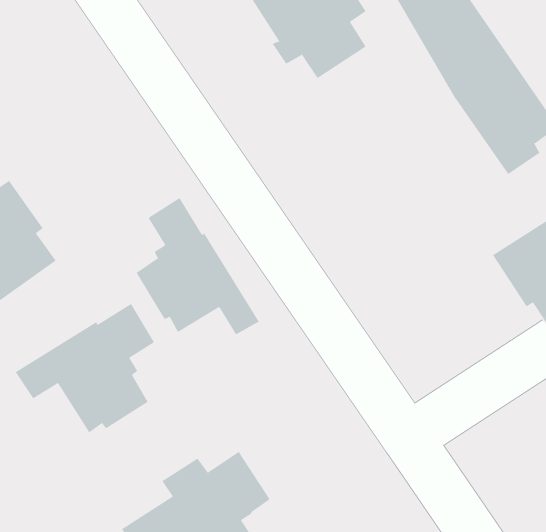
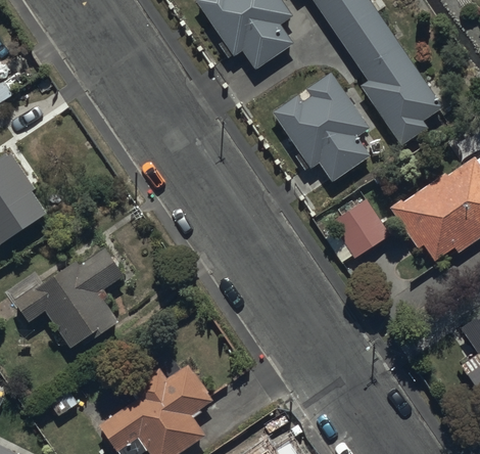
building: none -> [273,71,371,181]
building: [136,197,259,335] -> none
building: none -> [330,197,390,260]

